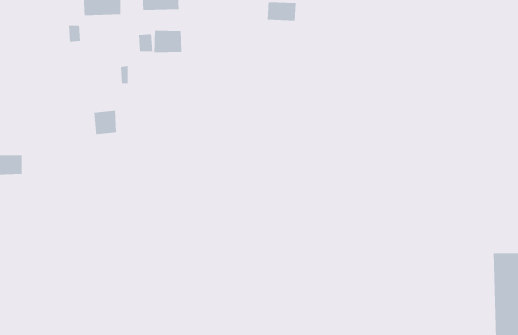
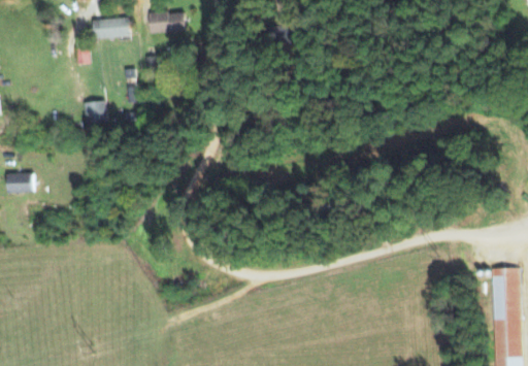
building: [154,30,182,53] -> none
building: [94,110,117,135] -> [87,100,109,124]

